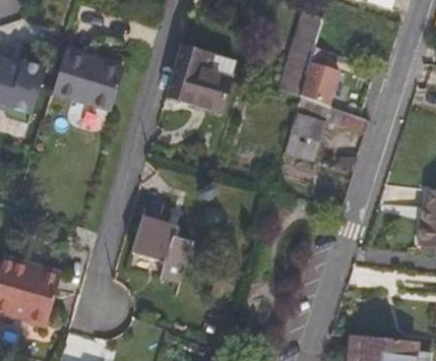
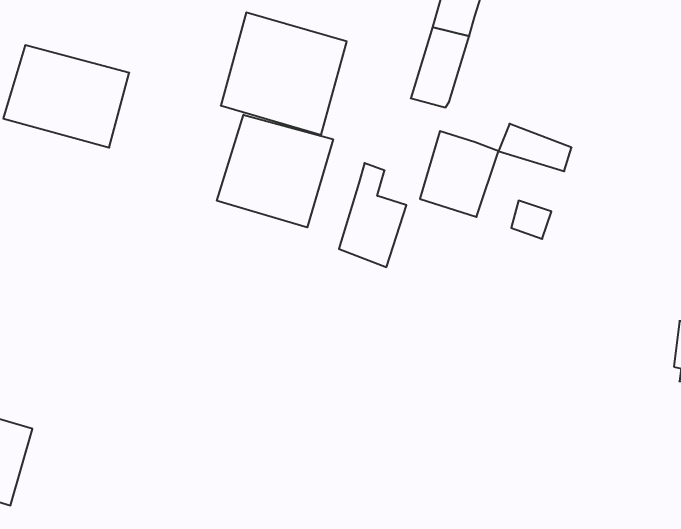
building: [296,45,333,103] -> [339,163,406,267]
building: none -> [217,115,333,227]
building: [130,214,196,283] -> none

